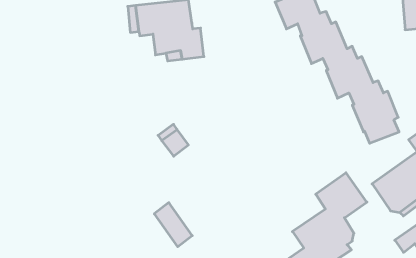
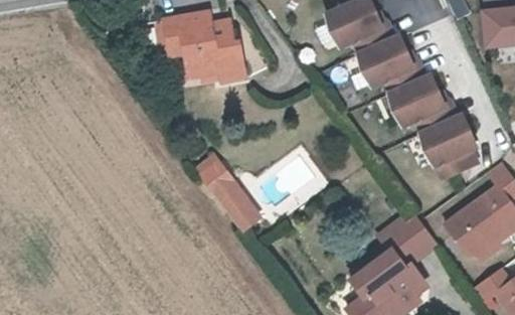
building: [154,203,192,247] -> [213,179,258,230]

